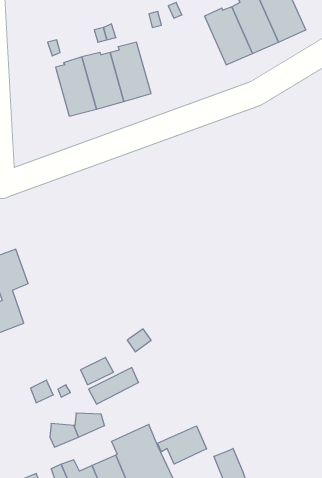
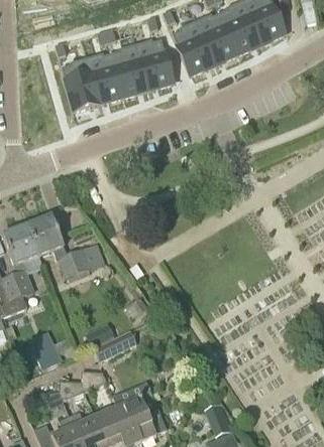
building: none -> [174,19,215,72]
building: none -> [135,37,173,88]
building: none -> [28,215,92,280]
building: [157,426,207,464] -> none

